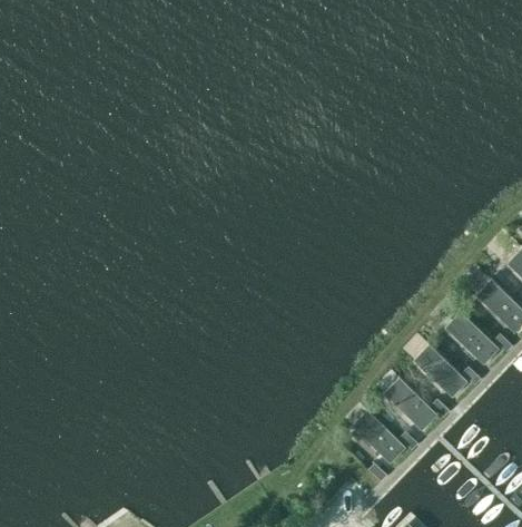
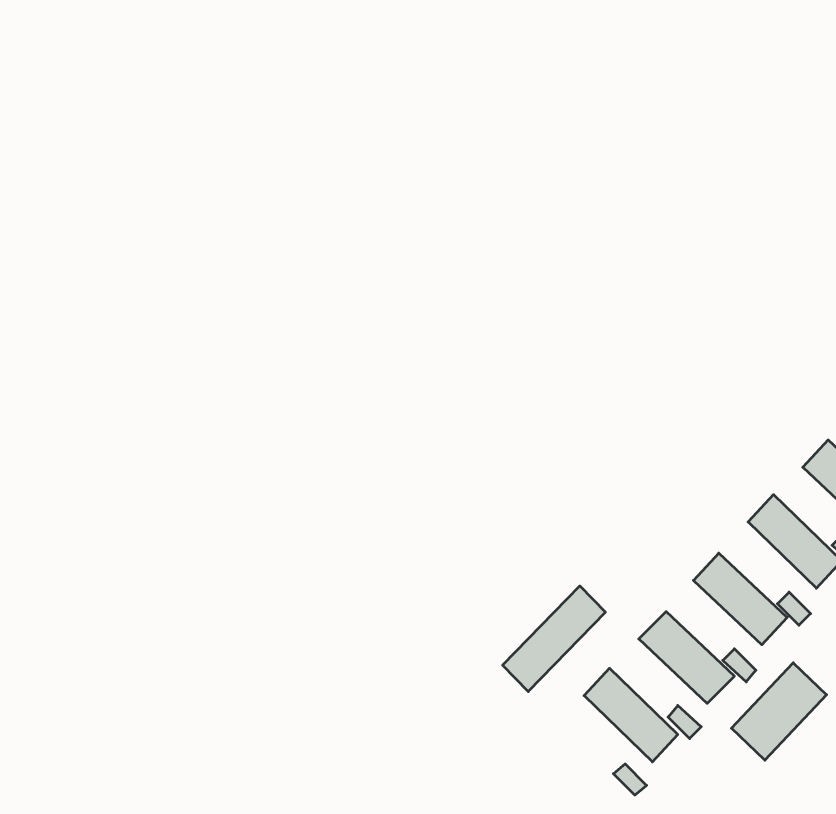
building: none -> [503,586,605,692]
building: none -> [731,663,827,760]

